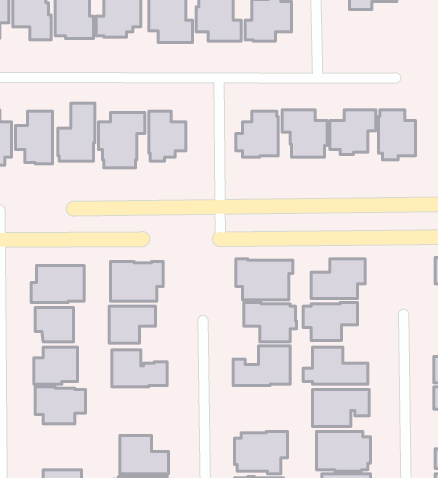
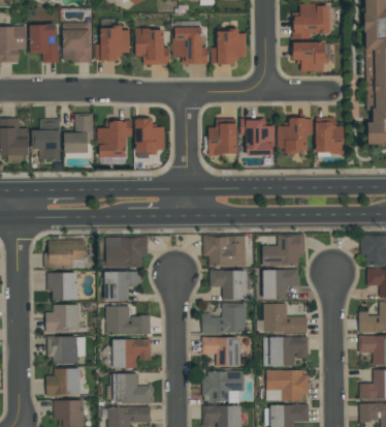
building: none -> [292,42,327,71]
building: none -> [201,337,239,367]
building: none -> [112,339,150,368]
building: none -> [45,368,82,396]

